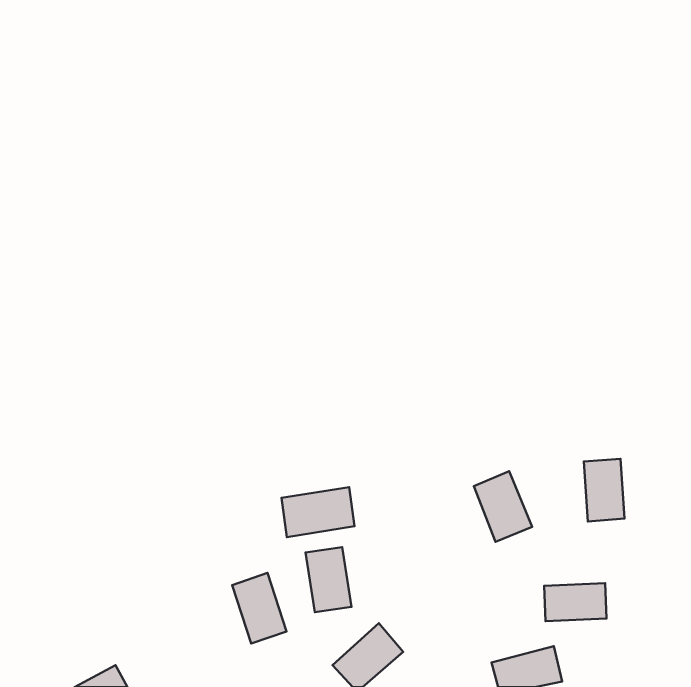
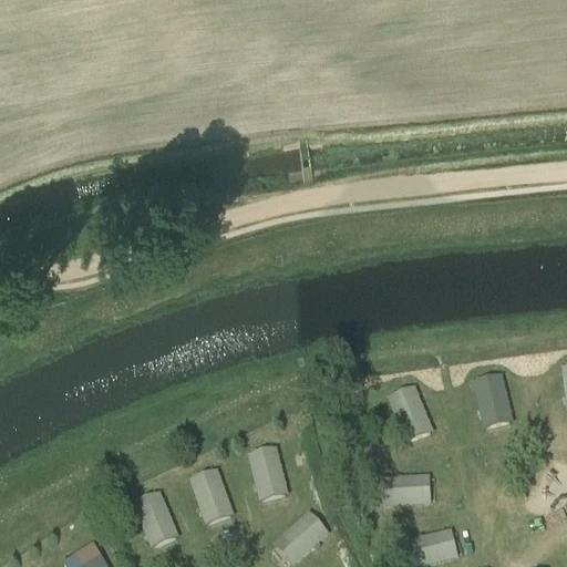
building: [282,487,354,537] -> none
building: [544,583,607,621] -> [380,473,431,504]
building: none -> [133,489,179,547]

